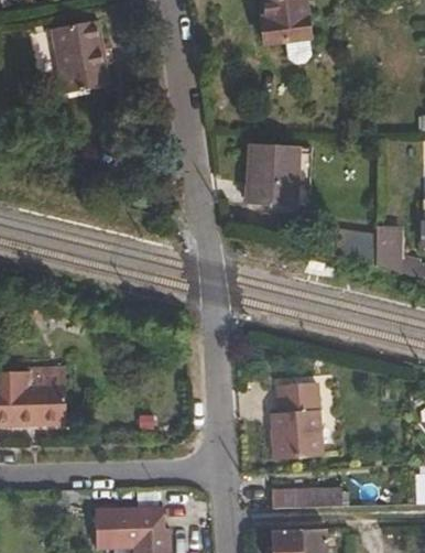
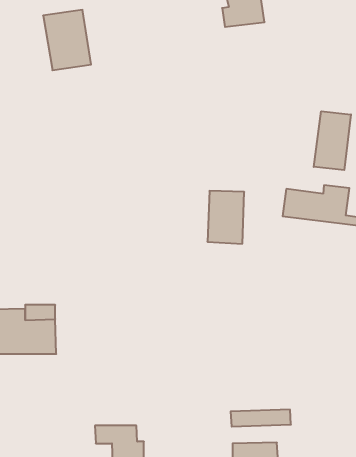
building: none -> [314,111,351,170]
building: [244,144,287,206] -> [207,191,244,244]
building: [271,384,323,464] -> none

